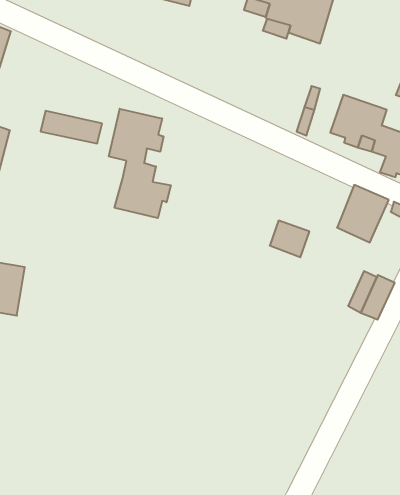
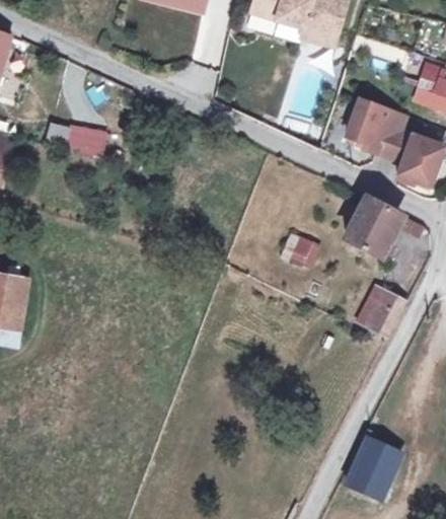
building: [109,109,171,218] -> none
building: none -> [347,435,405,496]

